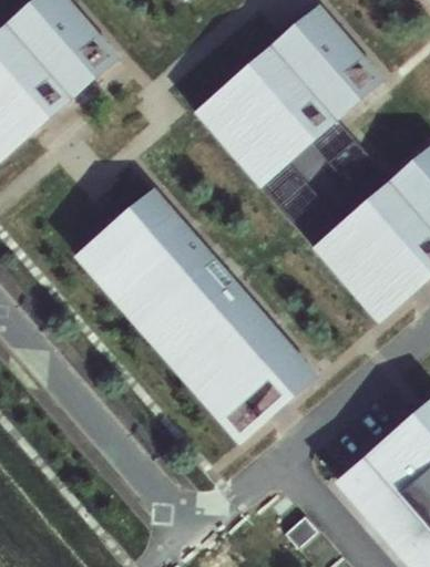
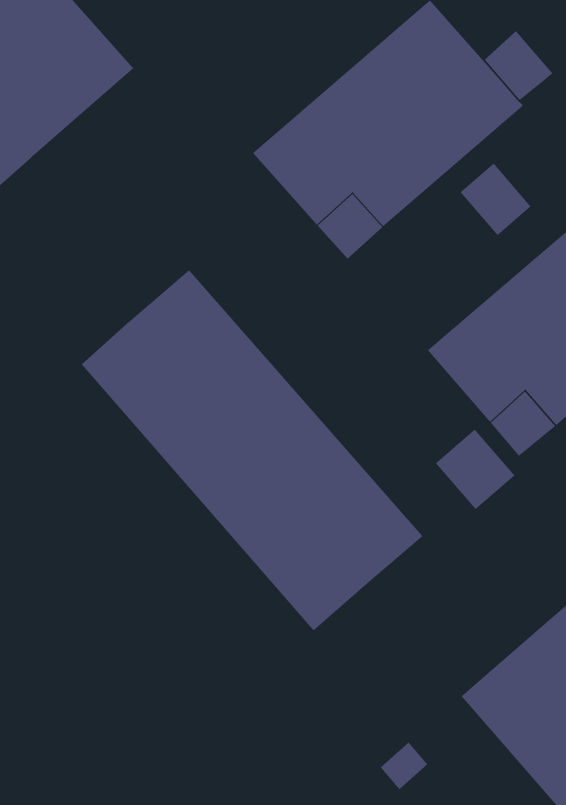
building: none -> [484,30,554,101]
building: none -> [459,163,532,236]
building: none -> [435,428,515,510]

